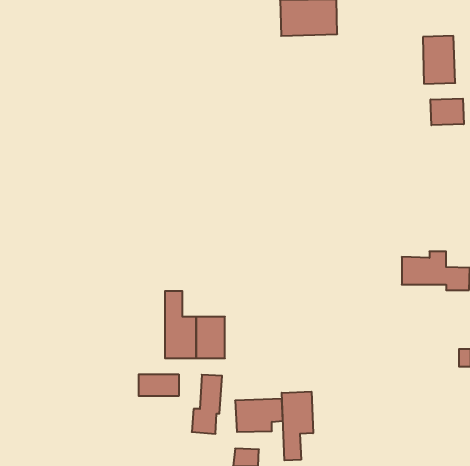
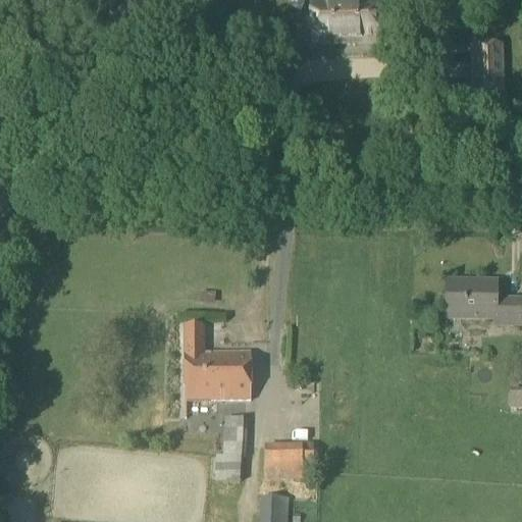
building: [431,99,464,125] -> none
building: [139,374,179,396] -> none
building: [282,392,313,460] -> none

